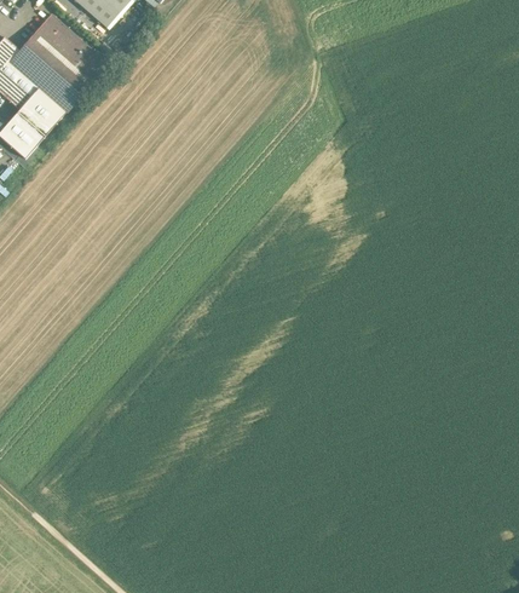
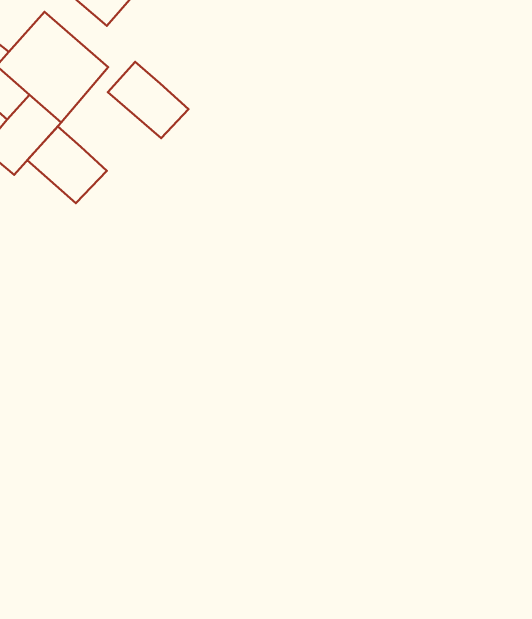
building: none -> [108,62,188,138]
building: none -> [27,126,107,203]

